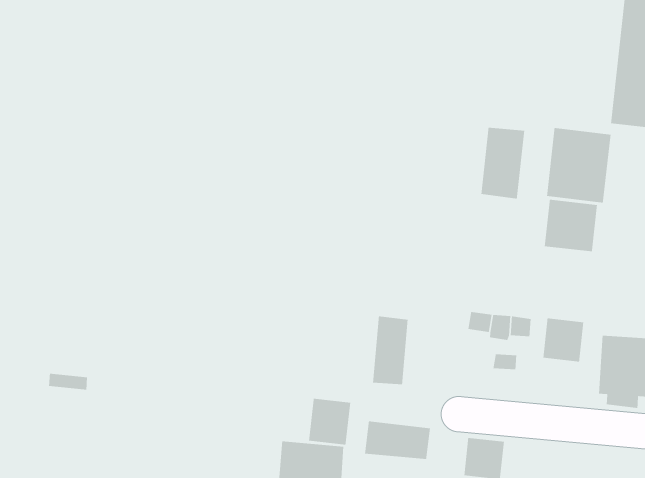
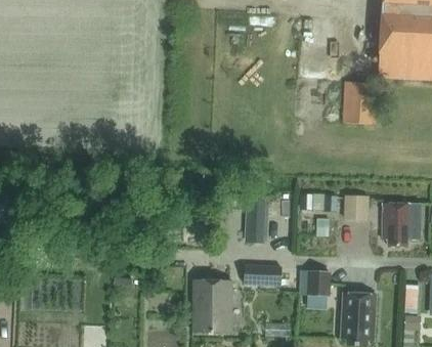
building: [480,127,525,199] -> none
building: [544,199,598,252] -> none
building: [308,398,351,446] -> none

